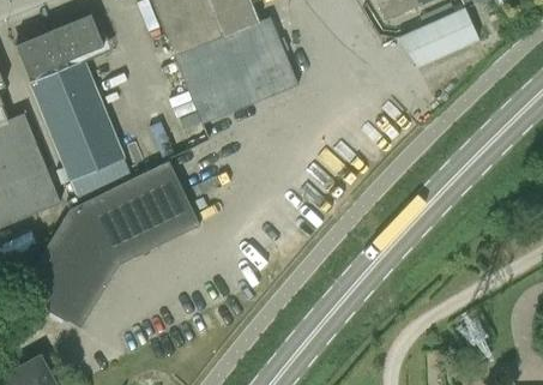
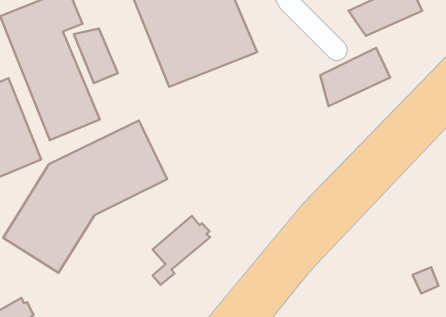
building: none -> [74,28,118,83]
building: none -> [320,48,390,106]
building: none -> [152,216,210,285]

